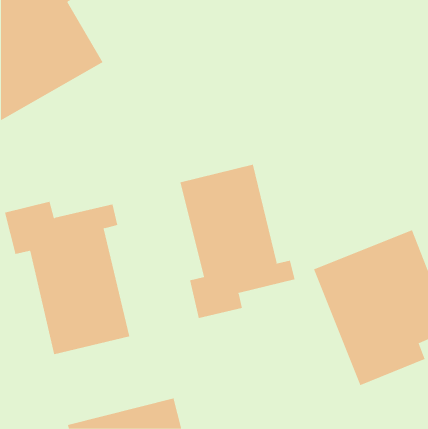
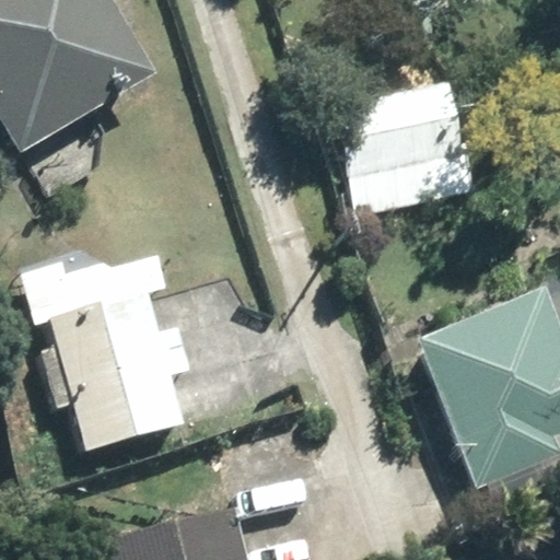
building: none -> [338,79,474,211]
building: [180,164,295,319] -> none

